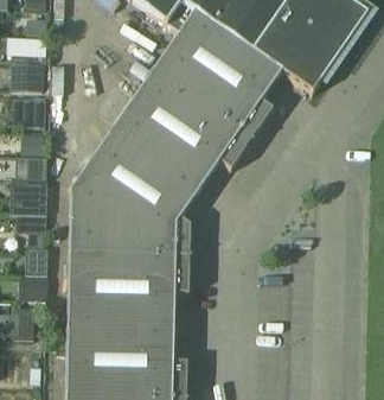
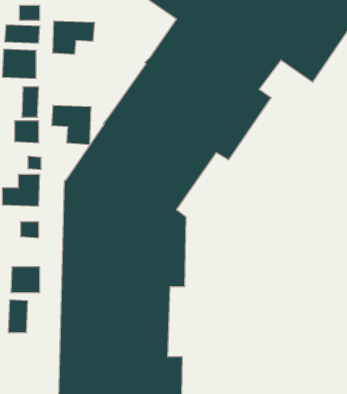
building: none -> [53,21,95,54]
building: none -> [52,105,91,145]

